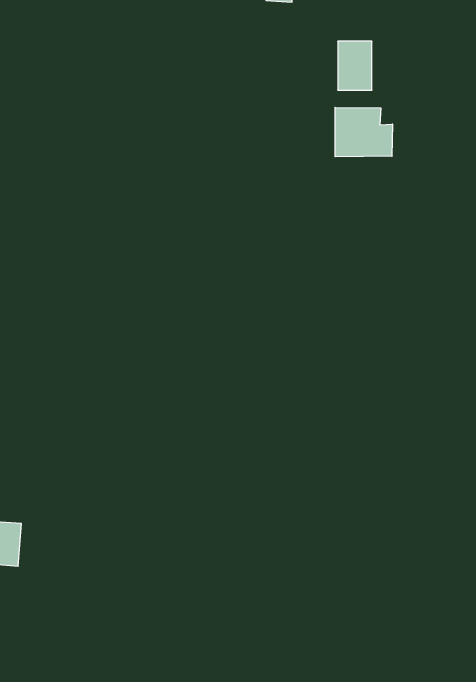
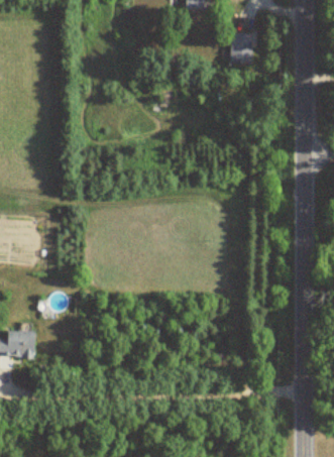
building: [335,107,392,157] -> none

